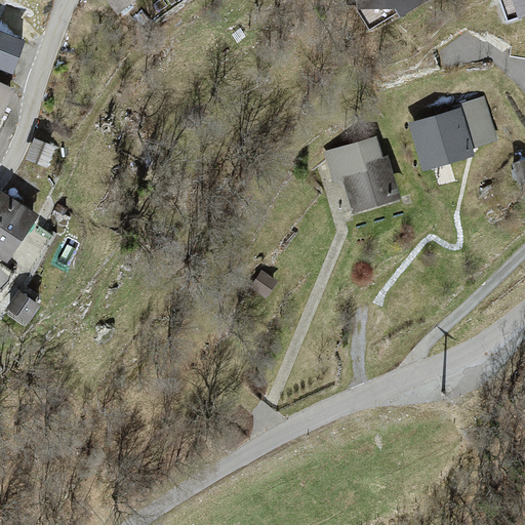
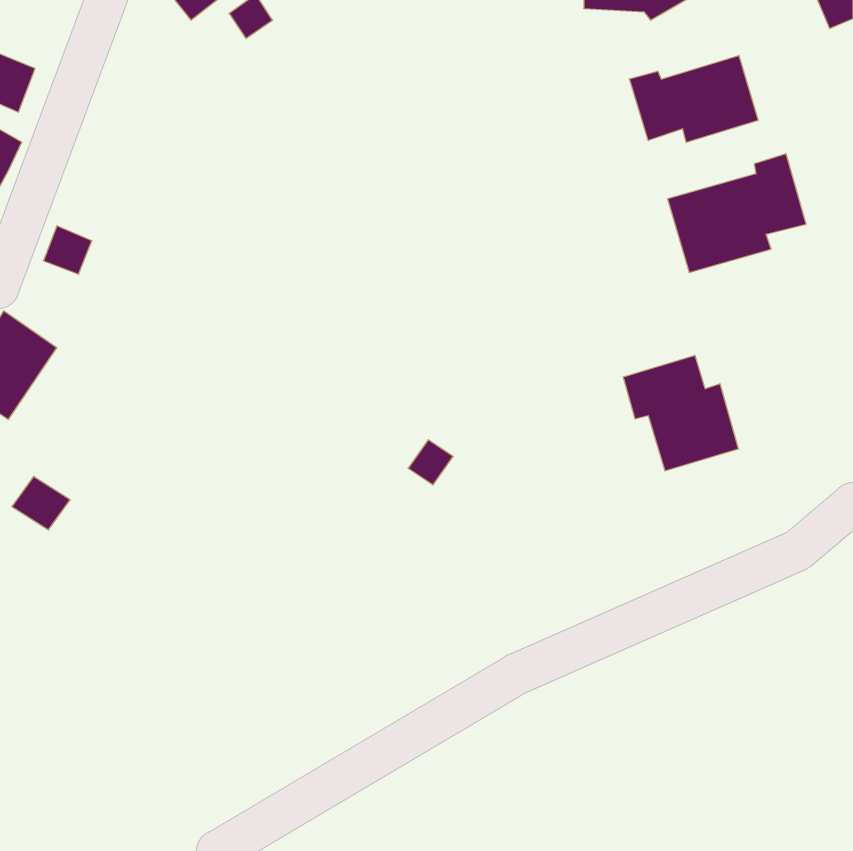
building: none -> [629,55,758,142]
building: [327,138,398,209] -> [623,355,739,471]

